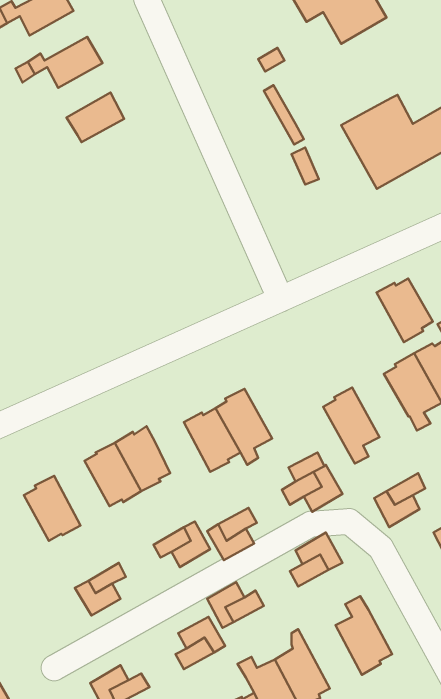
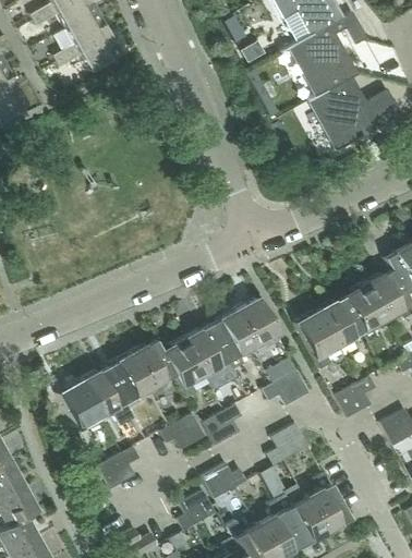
building: none -> [294,12,369,94]
building: [66,93,124,142] -> [62,11,108,50]
building: [376,279,433,342] -> [317,298,362,348]
building: none -> [232,298,281,349]
building: none -> [161,336,205,399]
building: none -> [82,366,131,421]
building: none -> [262,469,325,546]

